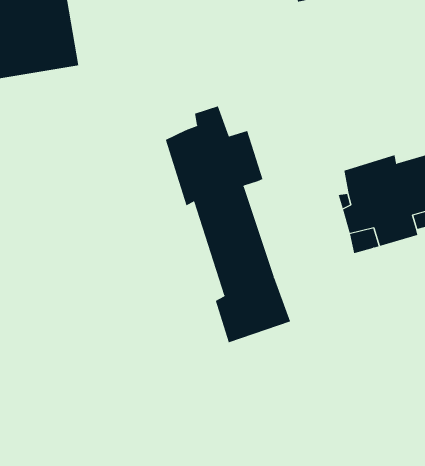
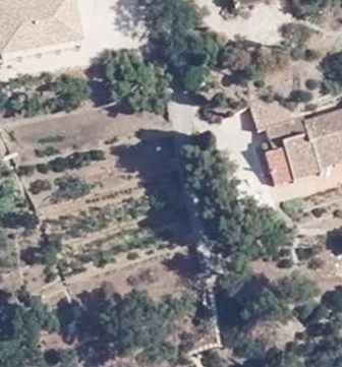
building: [165,105,291,343] -> none

